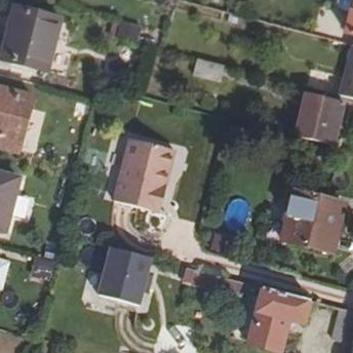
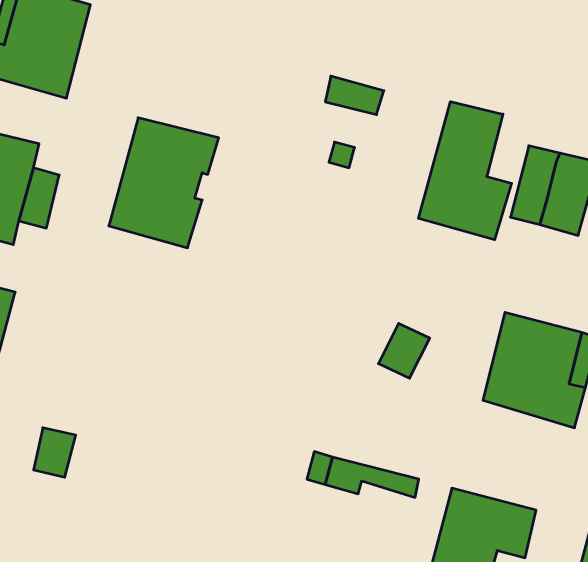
building: none -> [418,102,512,240]
building: [113,139,174,211] -> [109,118,219,248]
building: [108,248,162,307] -> none

